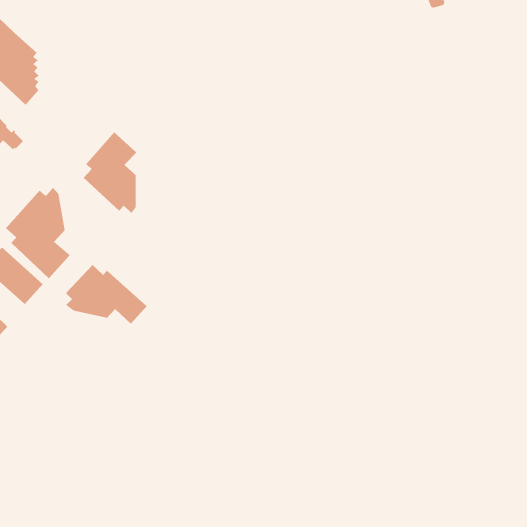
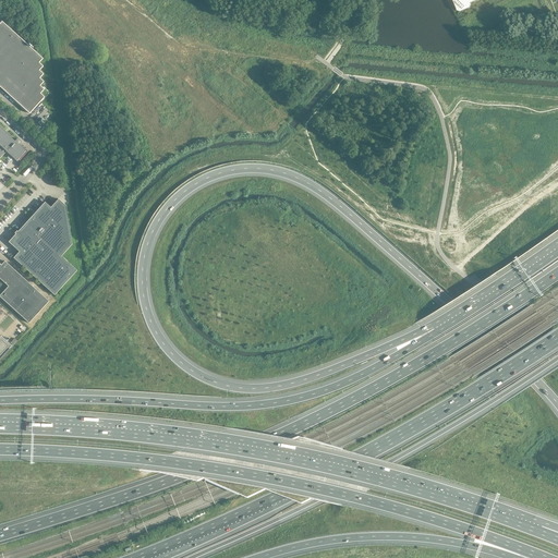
building: [83,132,137,214] -> none
building: [65,264,148,325] -> none

